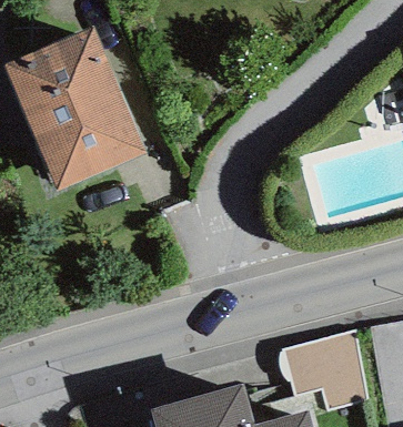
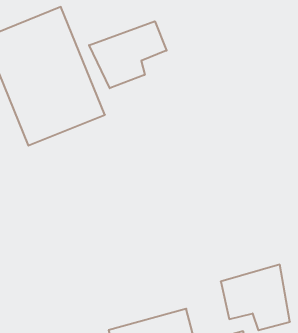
building: none -> [89,21,167,88]

